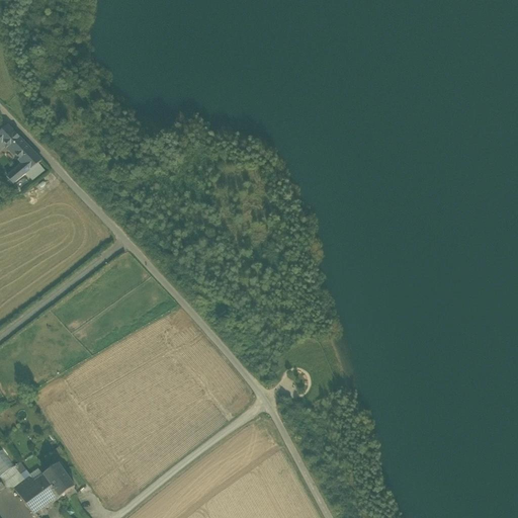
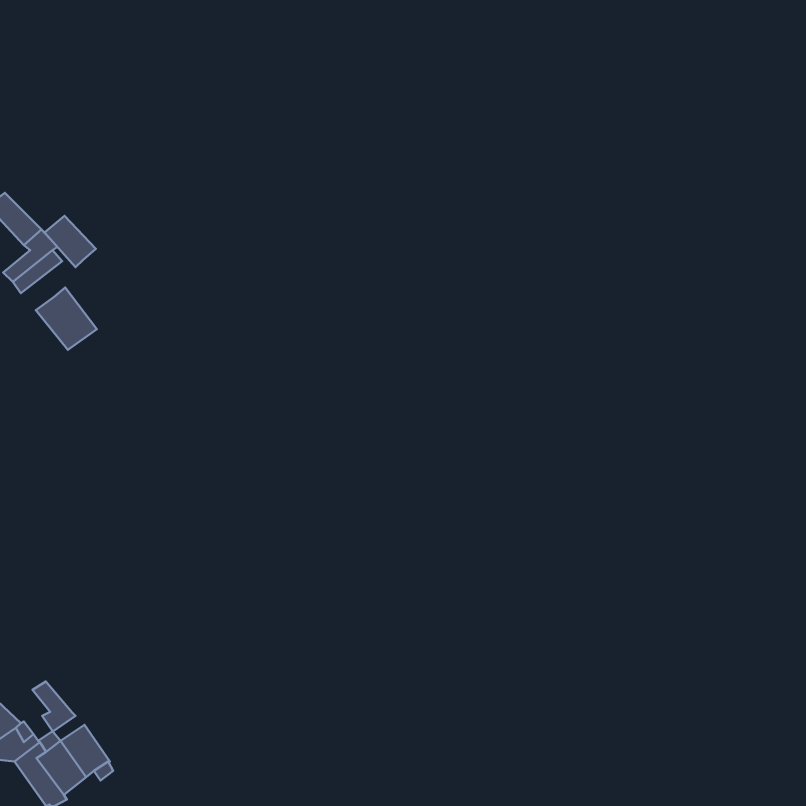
building: none -> [44,216,96,267]
building: none -> [36,288,97,350]
building: none -> [33,681,75,731]

